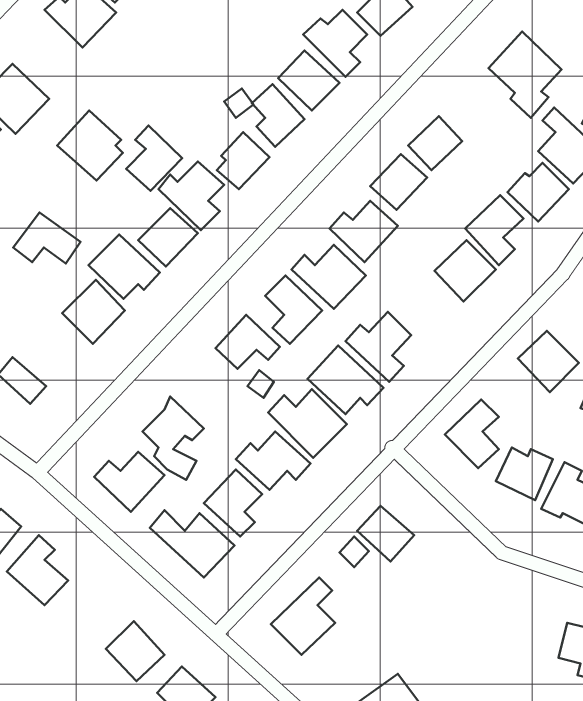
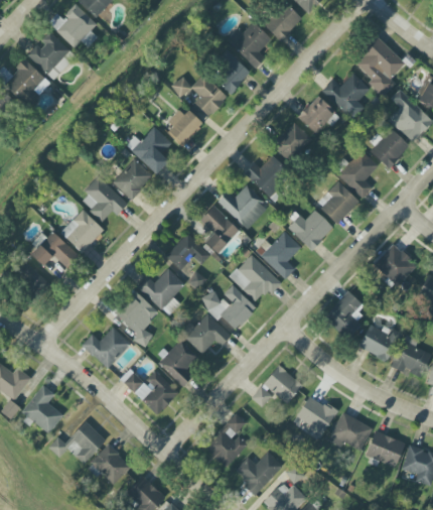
building: none -> [322,74,371,119]
building: [57,111,123,181] -> [27,31,73,80]
building: [126,126,182,191] -> none
building: [13,213,80,264] -> [32,232,79,267]
building: none -> [288,210,333,250]
building: none -> [137,268,185,309]
building: none -> [298,396,336,438]
building: none -> [329,412,373,451]
building: none -> [49,420,107,464]
building: none -> [366,430,406,468]
building: none -> [234,452,283,494]

